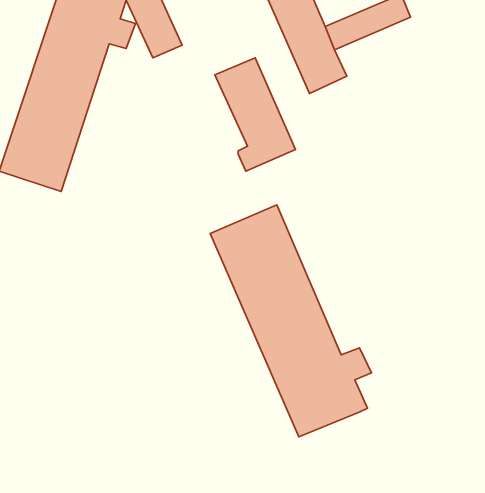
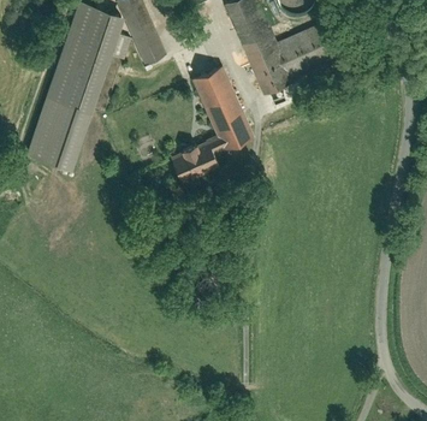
building: none -> [172,143,221,183]
building: [210,205,372,437] -> none

